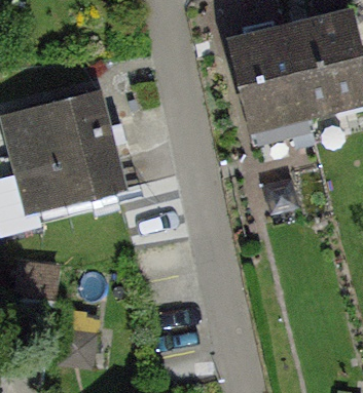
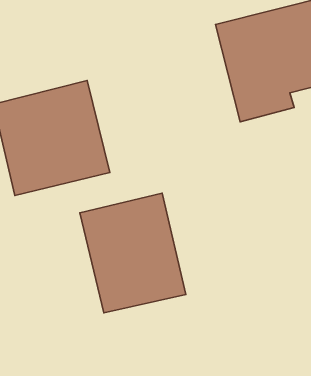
building: none -> [80,193,186,313]

